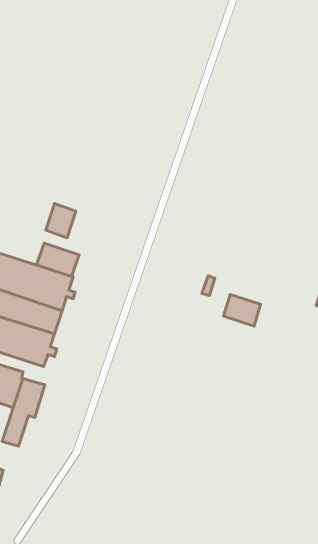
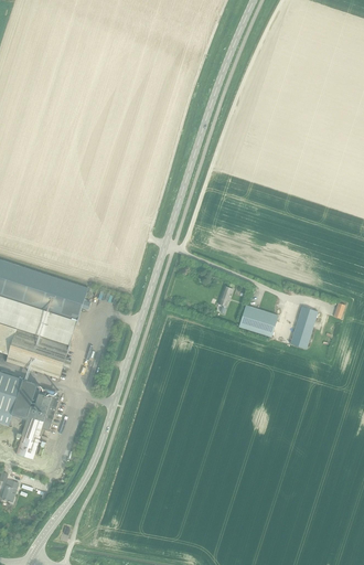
building: [46,204,76,238] -> none
building: [37,243,79,276] -> none
building: none -> [289,306,317,348]

